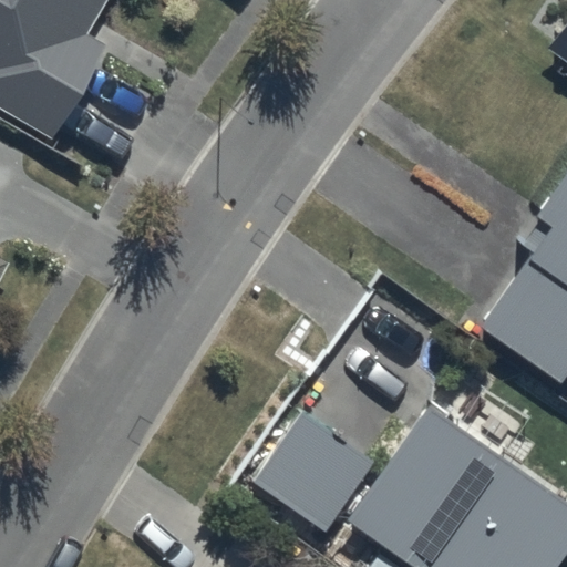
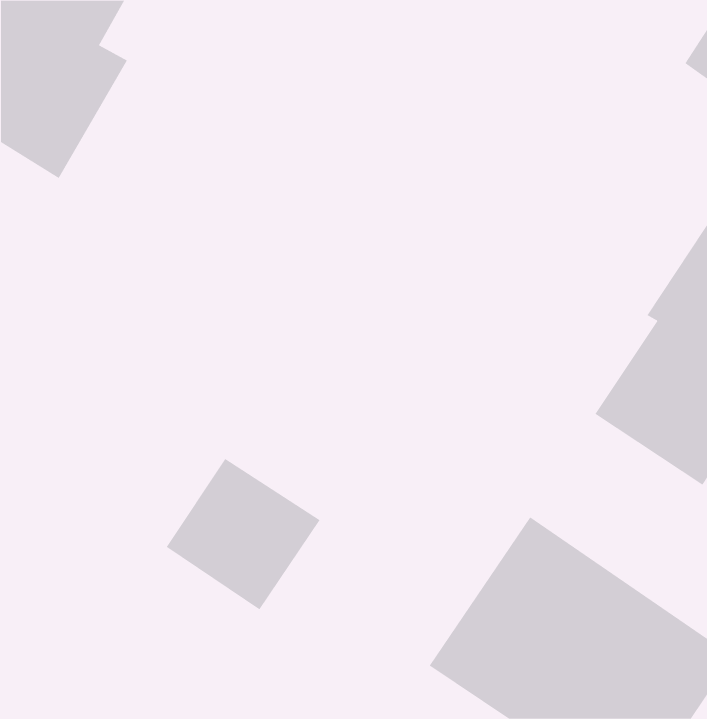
building: [256,414,378,534] -> [166,458,320,610]

